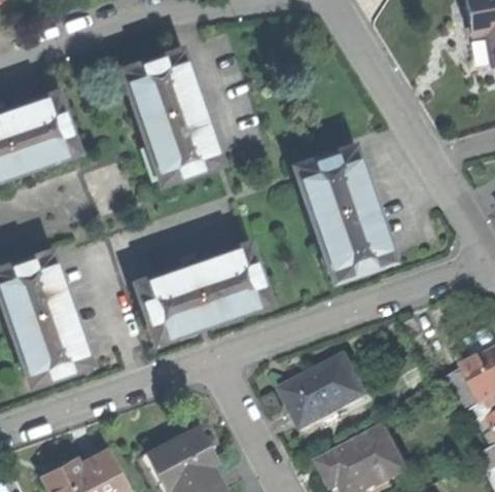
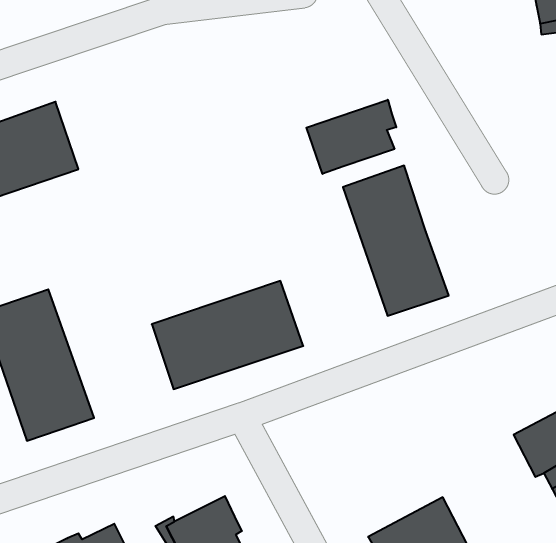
building: [121,47,218,179] -> none
building: none -> [306,100,396,174]
building: [283,356,367,429] -> none

